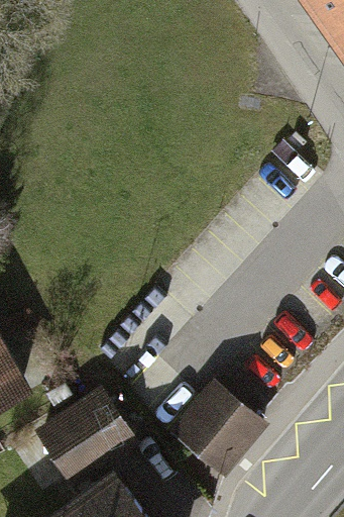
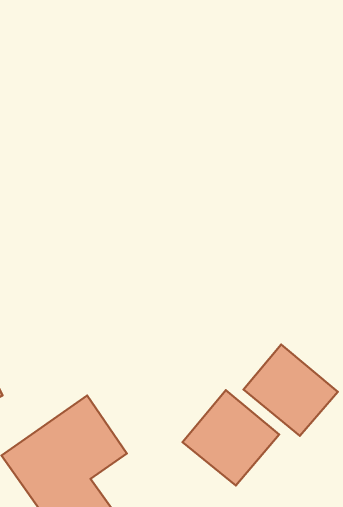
building: none -> [244,344,338,436]

